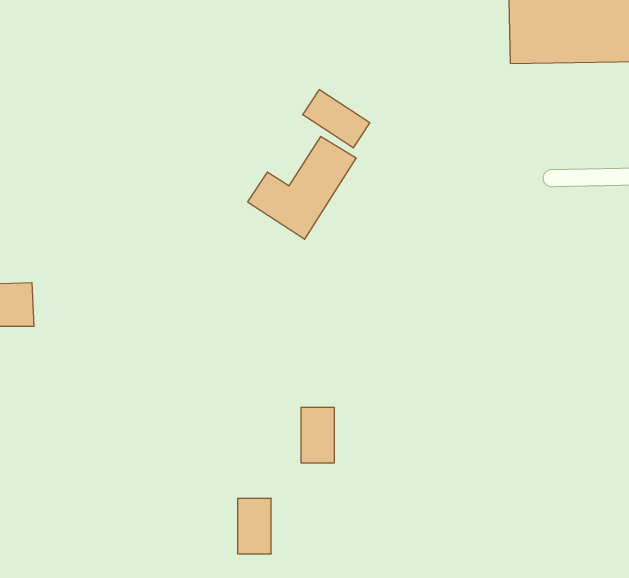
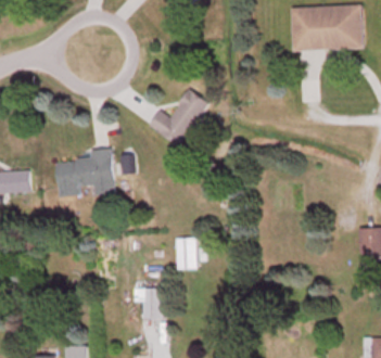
building: [303,90,370,148] -> none
building: none -> [56,150,113,199]

